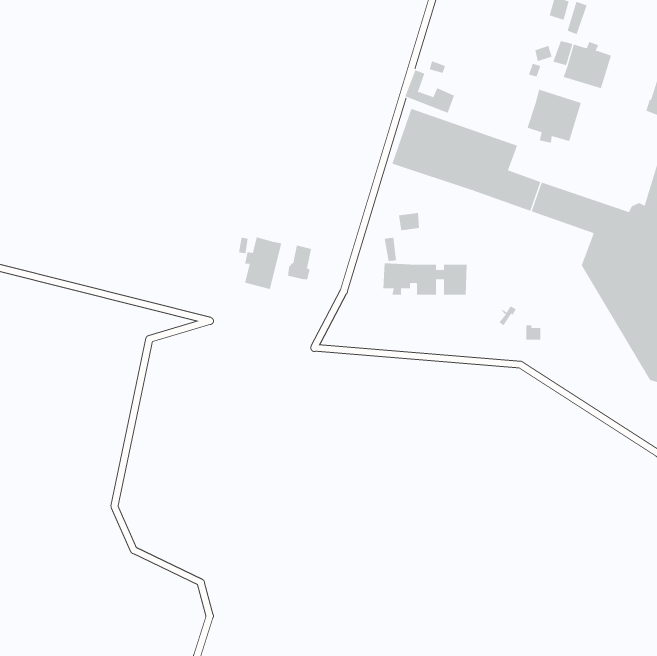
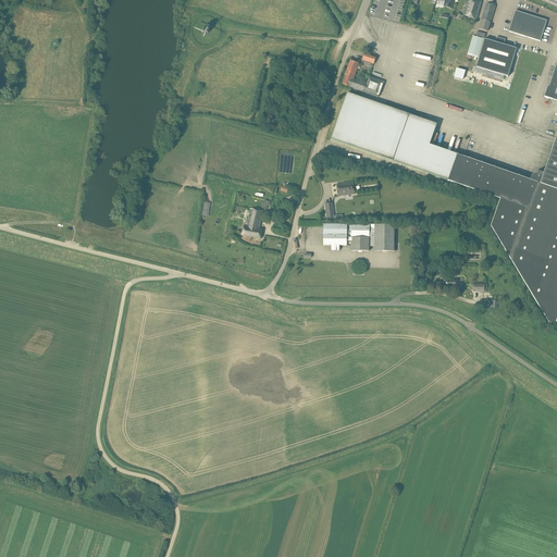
building: none -> [510,9,548,39]
building: [527,89,582,144] -> none
building: [245,237,282,290] -> none

